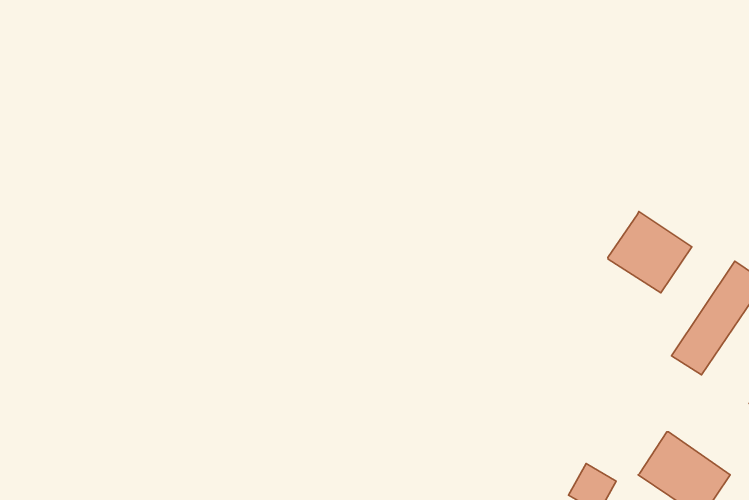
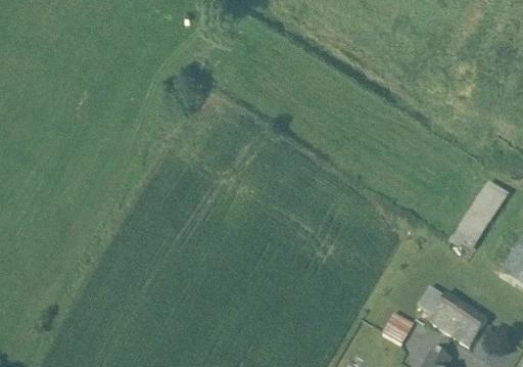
building: [608,212,692,293] -> none

